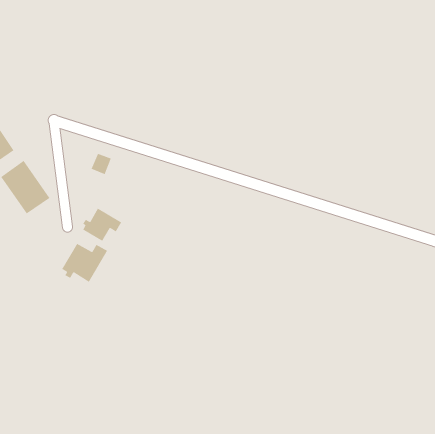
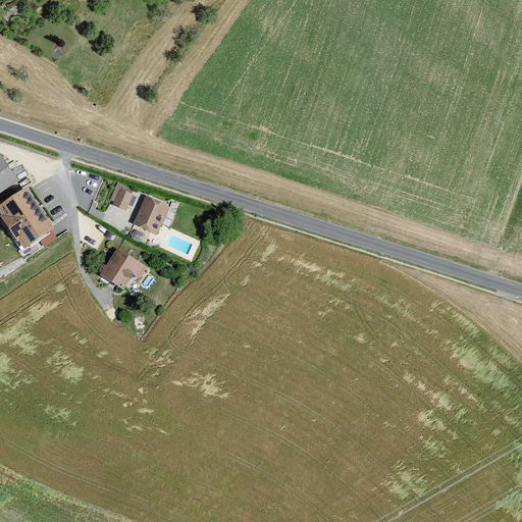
building: none -> [133,195,168,233]
building: [61,243,108,283] -> none

